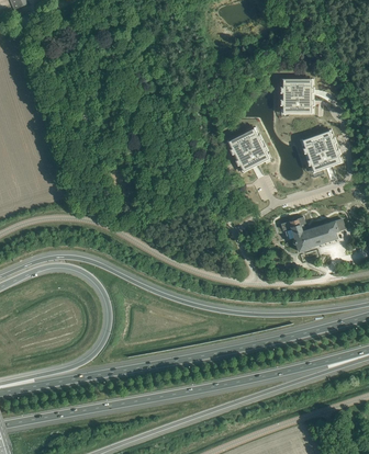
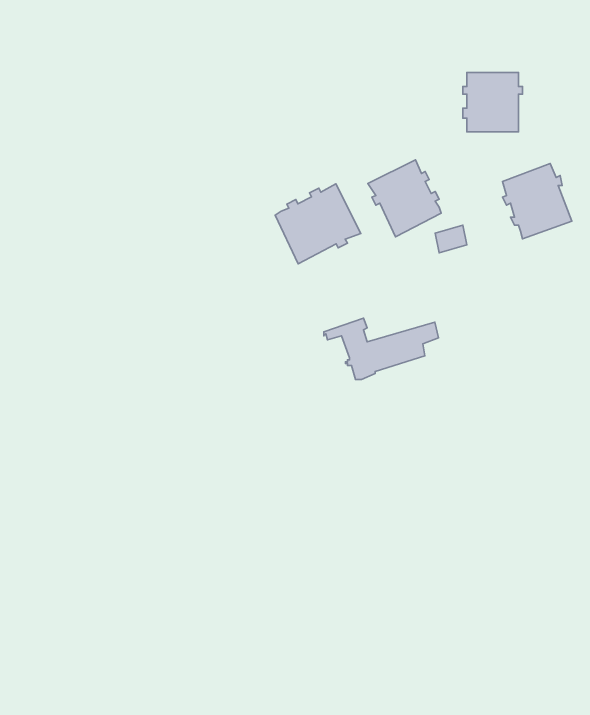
building: none -> [275,184,361,264]
building: [280,216,344,250] -> [324,318,439,380]

